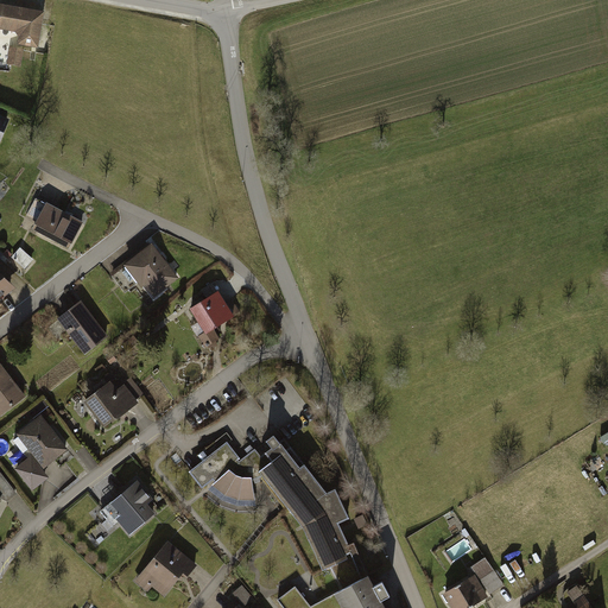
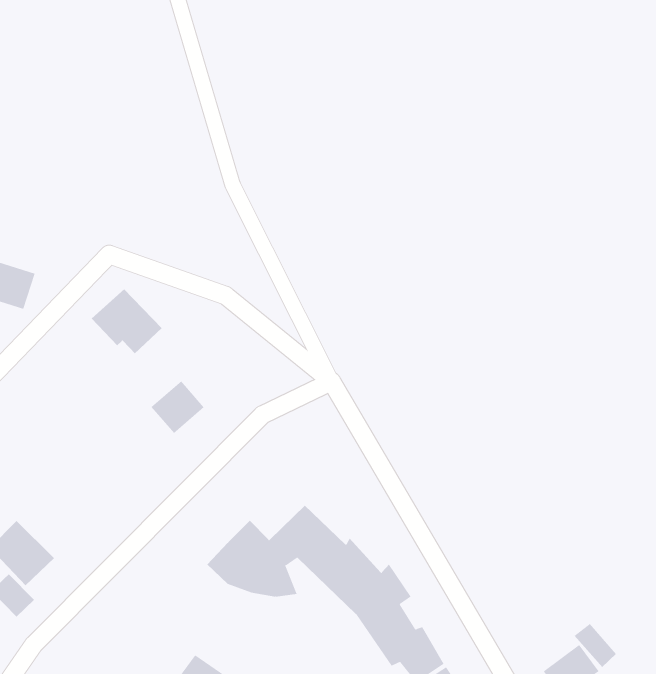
building: [189,291,232,332] -> [151,380,205,434]
building: [53,300,107,356] -> none
building: [83,380,138,428] -> none
building: [106,481,159,534] -> none

